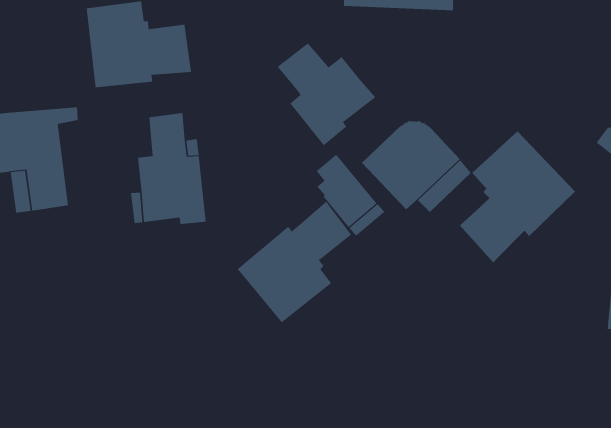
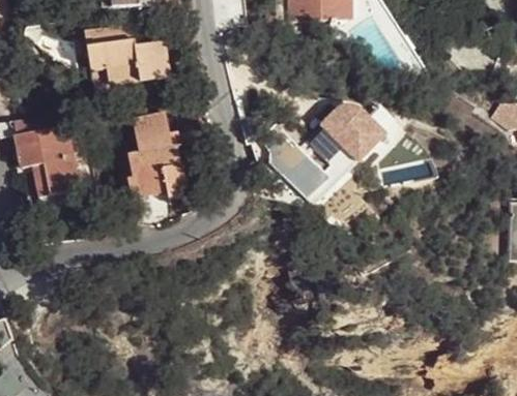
building: [277,42,376,146] -> none
building: [459,131,576,263] -> none
building: [237,201,352,323] -> none

